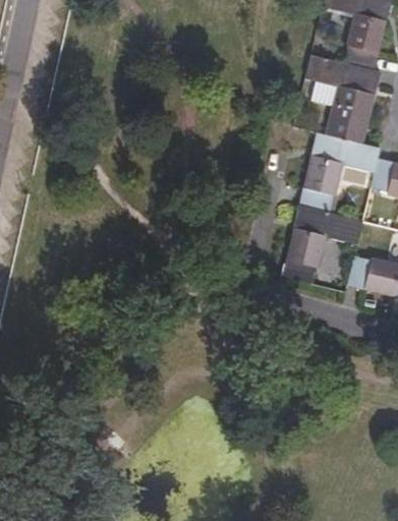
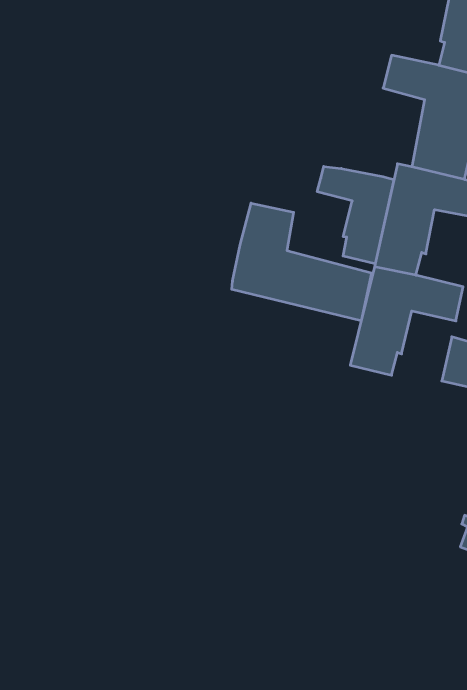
building: none -> [317,166,394,264]
building: none -> [232,203,372,321]

